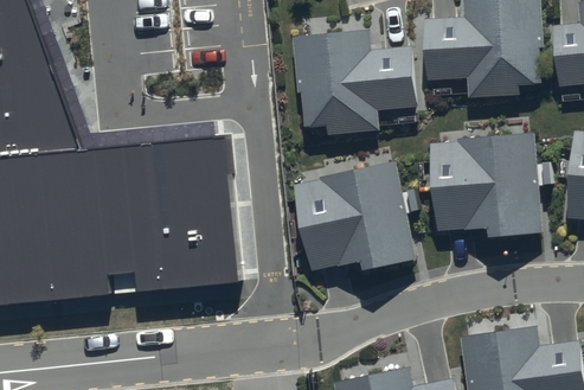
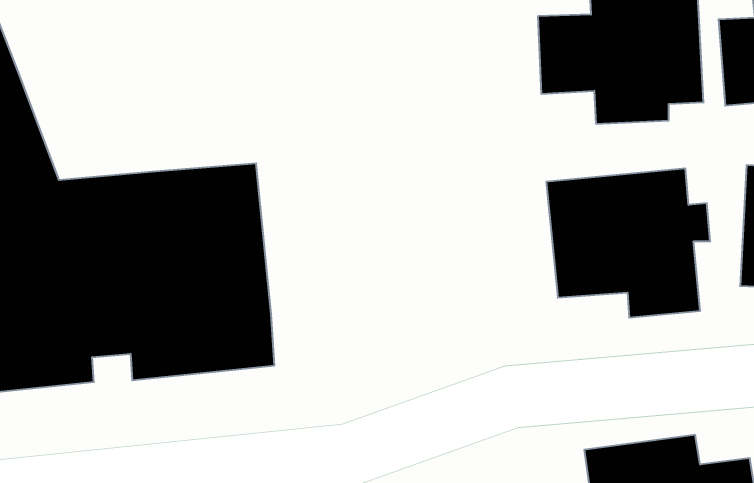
building: [296,34,419,139] -> none
building: [299,167,422,276] -> none

